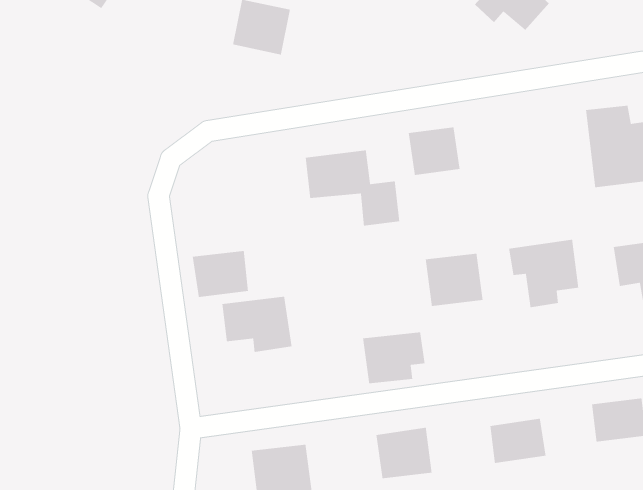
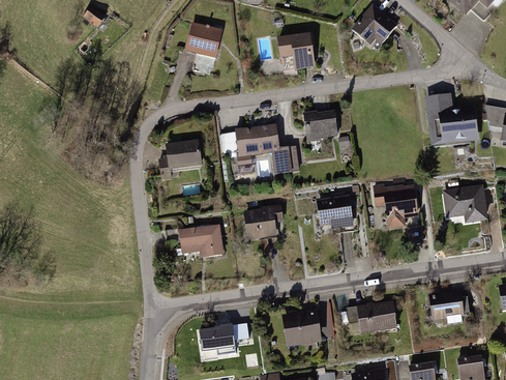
building: none -> [273,30,317,72]
building: [192,250,249,298] -> [165,141,203,173]
building: [362,332,425,384] -> [242,206,285,241]

